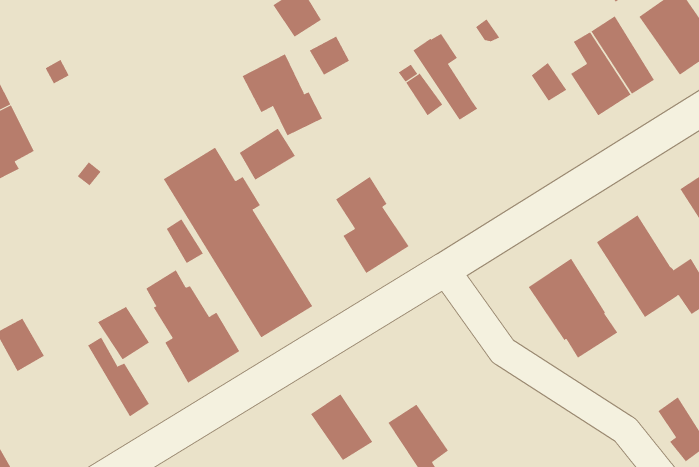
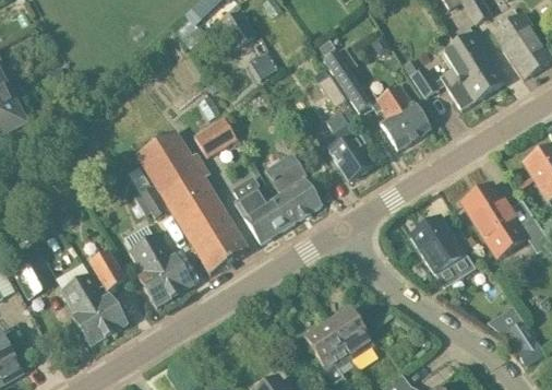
building: [242,54,323,136] -> none
building: none -> [368,84,430,150]
building: none -> [320,113,372,181]
building: none -> [232,177,288,244]
building: none -> [61,280,111,345]
building: [310,394,373,461] -> [326,308,373,358]

